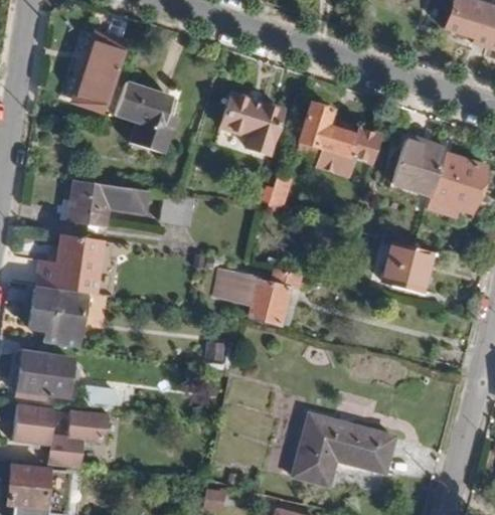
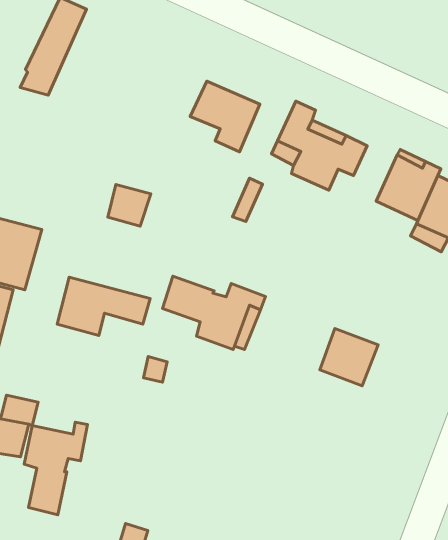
building: [115,82,175,154] -> none
building: [68,180,147,228] -> [57,277,150,336]
building: [382,241,431,289] -> [320,329,378,386]
building: none -> [24,422,88,515]
building: [293,414,391,484] -> none

